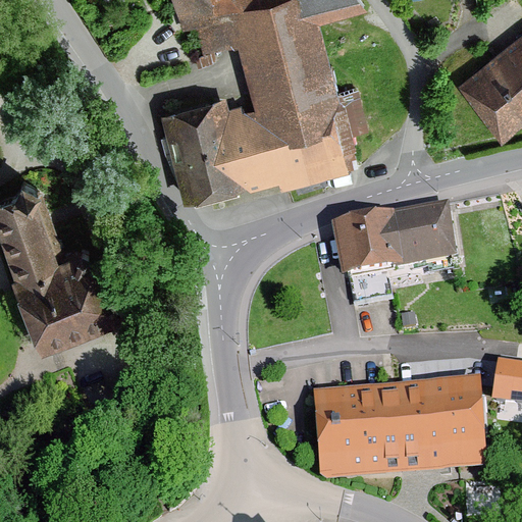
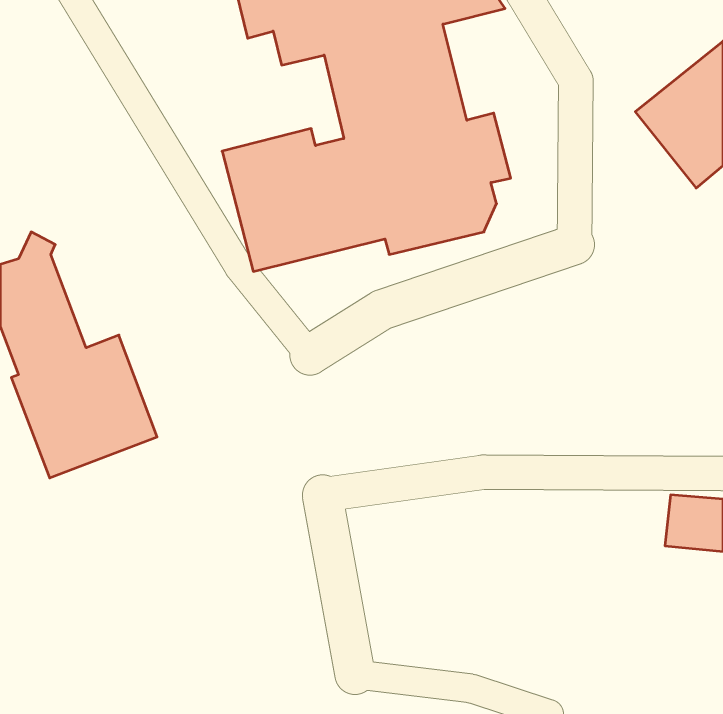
building: [329,205,454,277] -> none
building: [313,381,477,479] -> none

